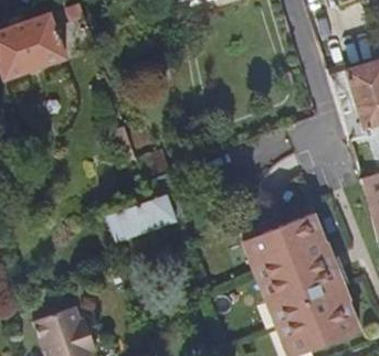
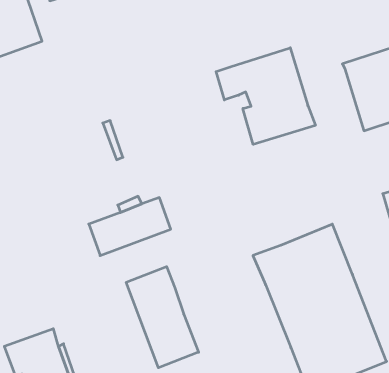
building: none -> [216,48,315,144]
building: none -> [126,267,199,368]

